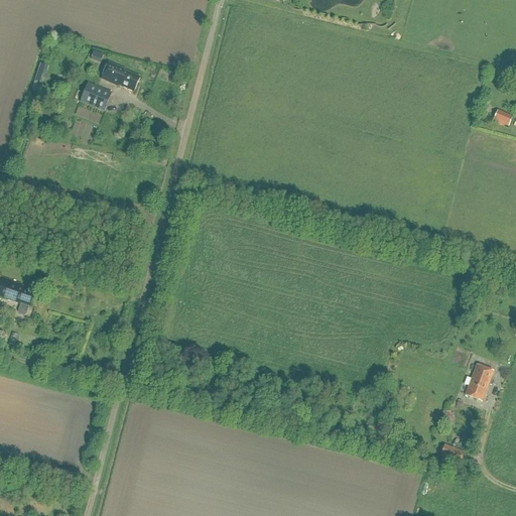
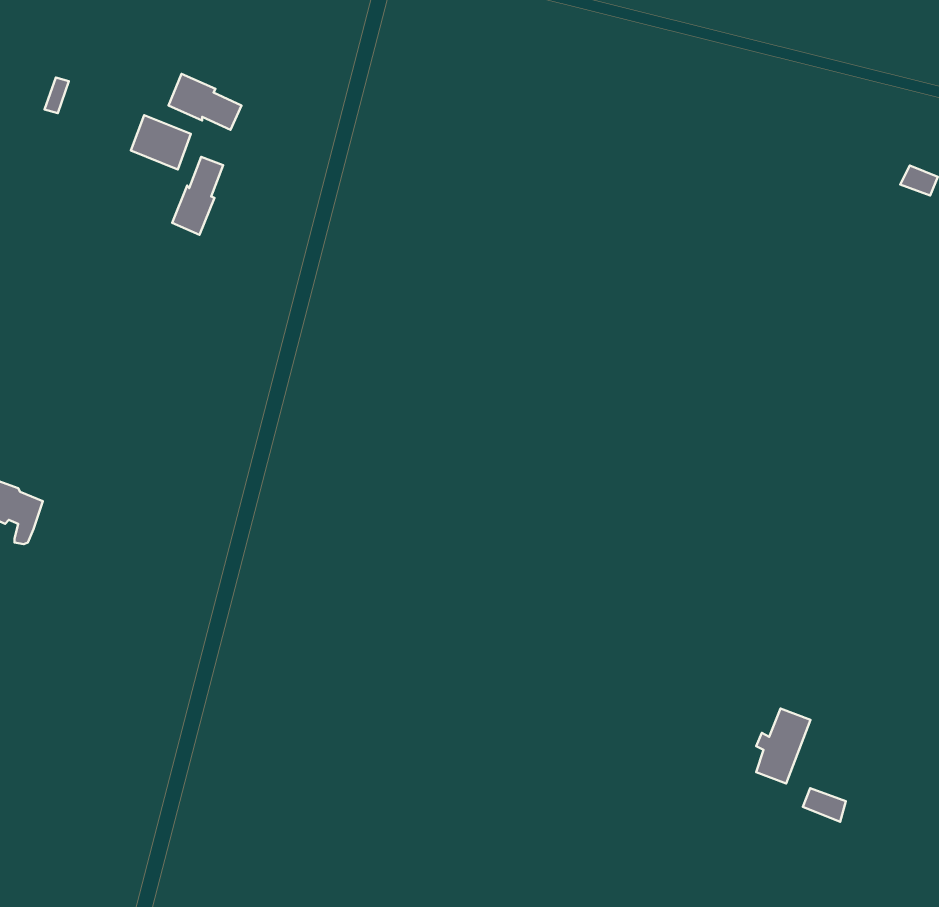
building: none -> [172,157,223,235]
building: [465,363,494,403] -> [756,709,810,784]

